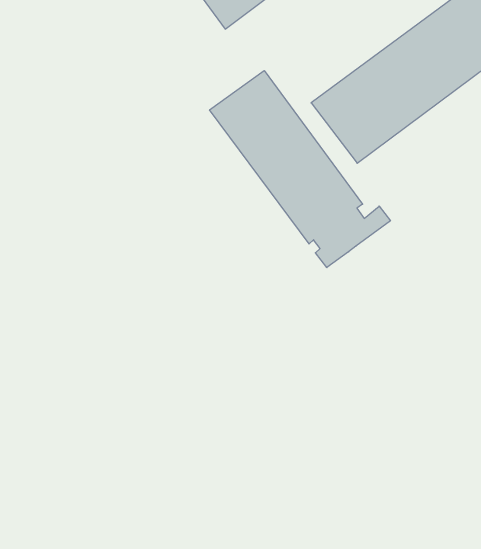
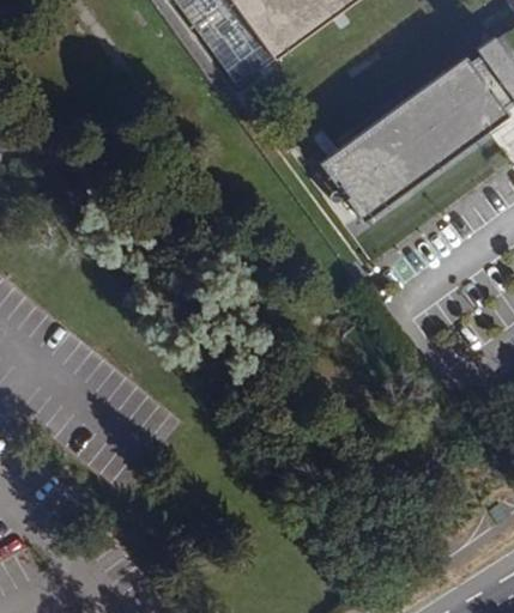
building: [210,71,390,268] -> none

